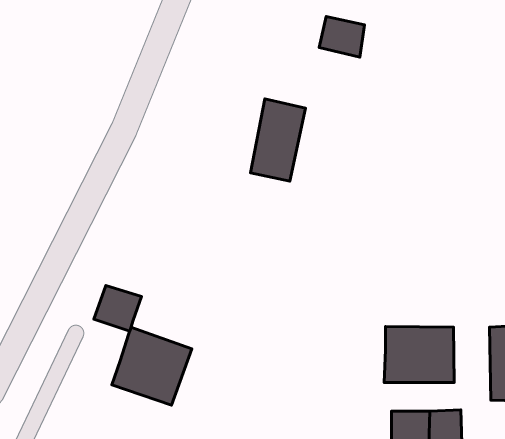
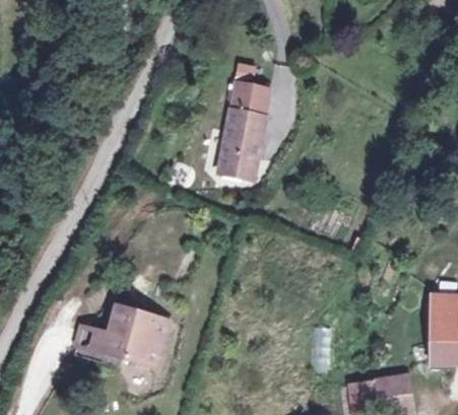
building: [319,17,364,57] -> [234,80,272,115]
building: [94,286,142,331] -> [70,320,111,358]
building: [384,326,454,383] -> none

